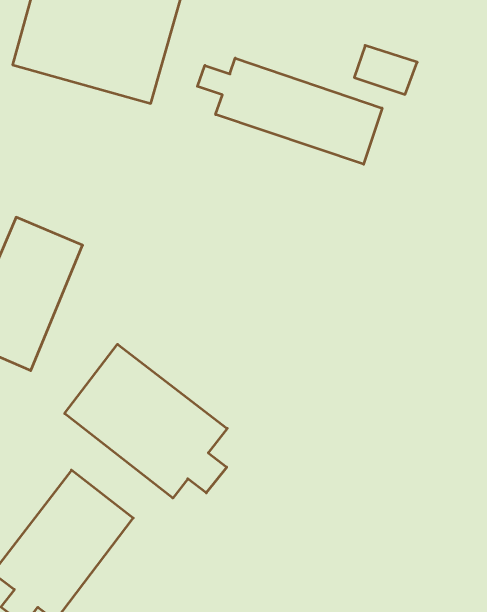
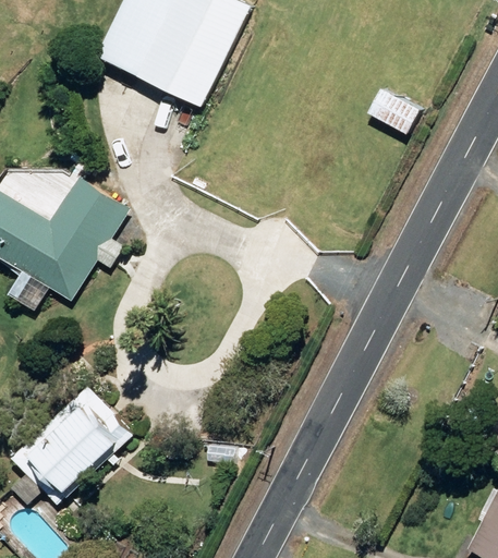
building: [197,58,382,164] -> none
building: [65,344,227,498] -> none

